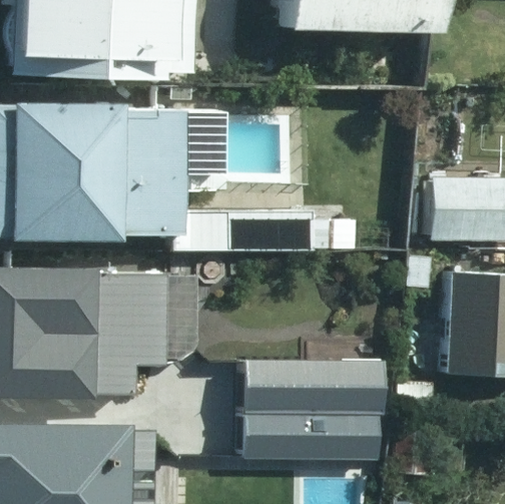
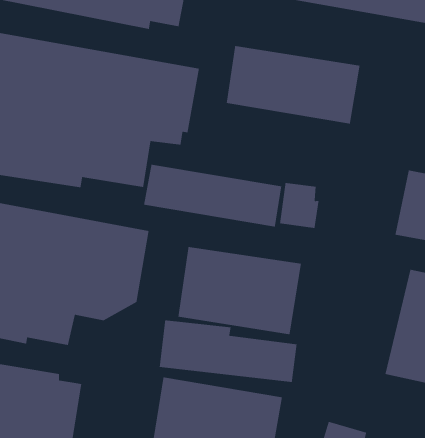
building: none -> [226,45,360,124]
building: none -> [178,246,302,335]

